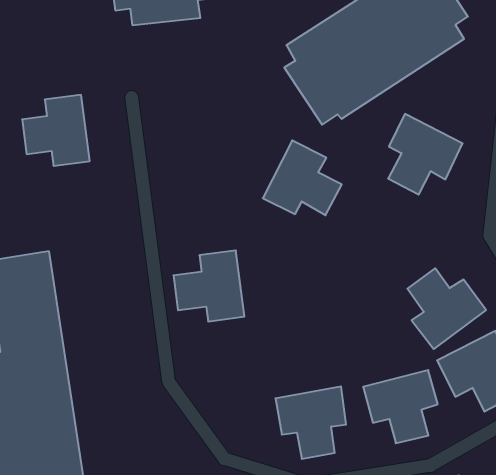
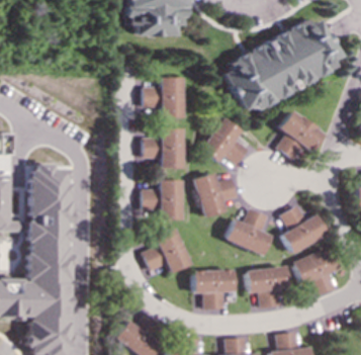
building: [22,95,90,166] -> [144,77,181,117]
building: none -> [143,127,182,168]
building: none -> [194,173,238,217]
building: none -> [225,208,270,255]
building: none -> [144,228,189,272]

